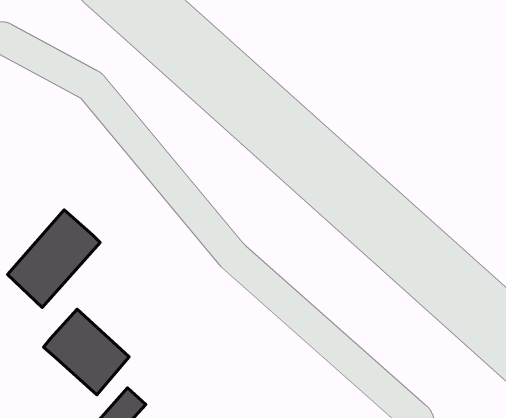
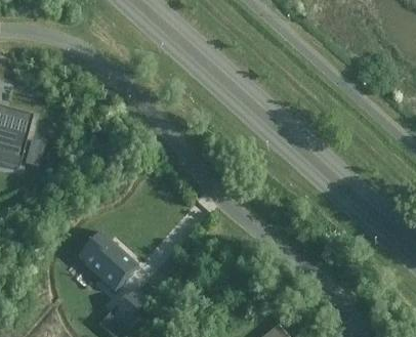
building: [8,210,100,307] -> none

